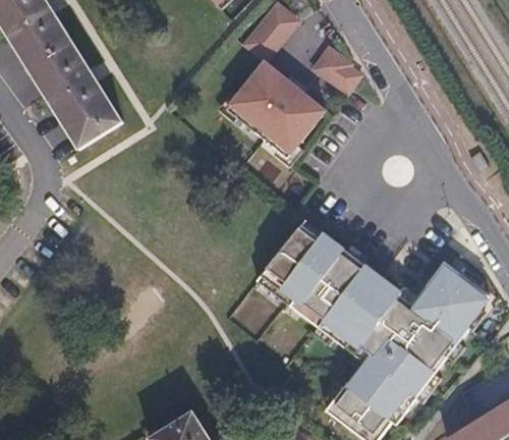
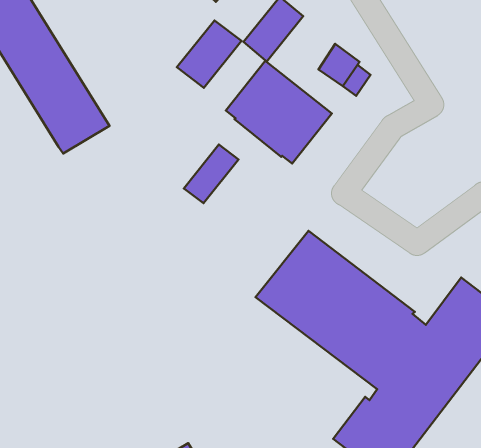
building: none -> [177,20,241,88]
building: none -> [184,145,239,203]

